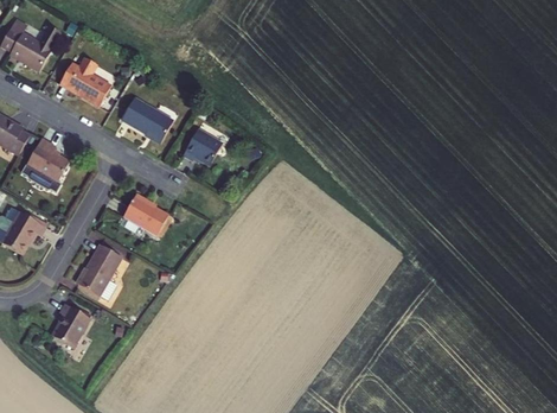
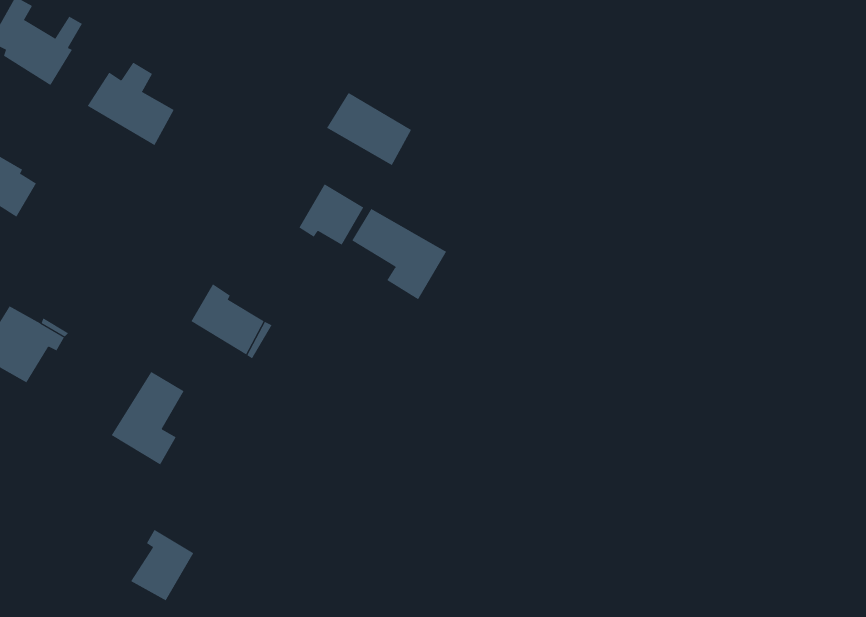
building: [124,101,175,145] -> [326,92,412,166]
building: [23,134,70,188] -> none
building: none -> [351,208,447,300]
building: [50,301,88,344] -> [130,529,194,601]

